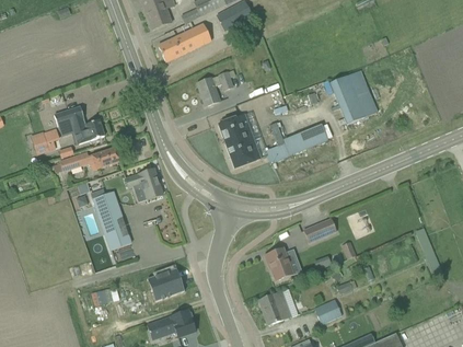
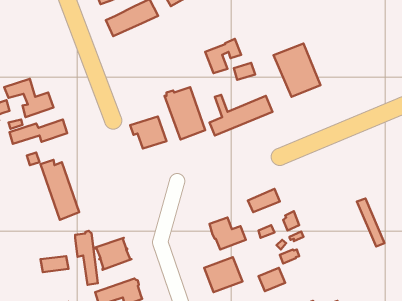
building: [197,70,234,105] -> [205,39,241,73]
building: [125,169,162,201] -> [130,117,166,149]
building: none -> [75,231,98,285]

